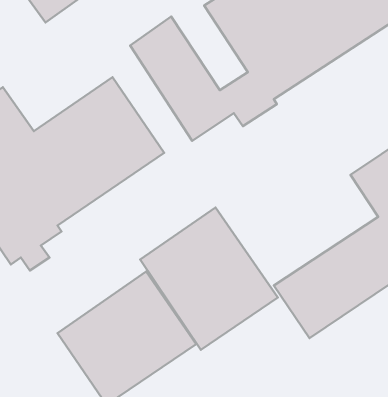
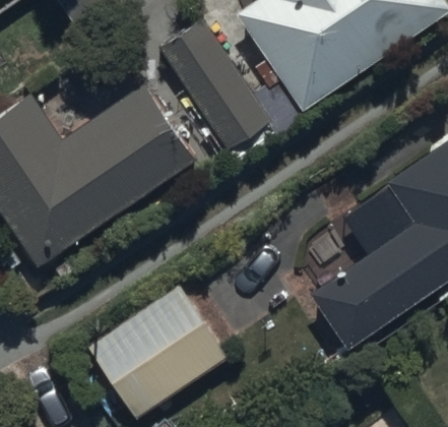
building: [140,208,278,350] -> none

